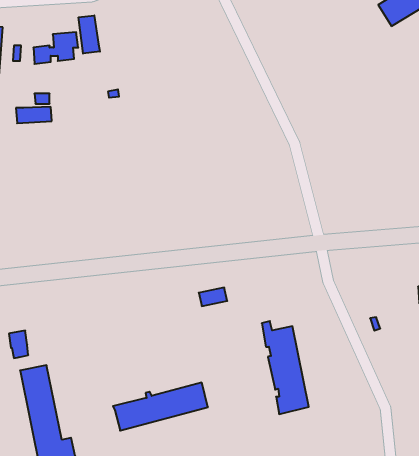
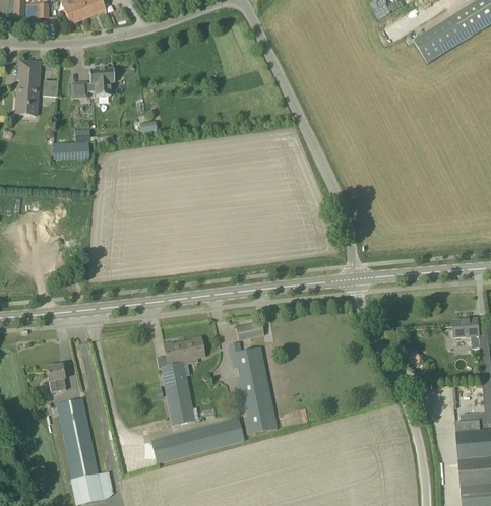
building: [79,15,100,54] -> none
building: none -> [161,336,204,424]
building: [262,321,309,414] -> [230,341,277,434]

